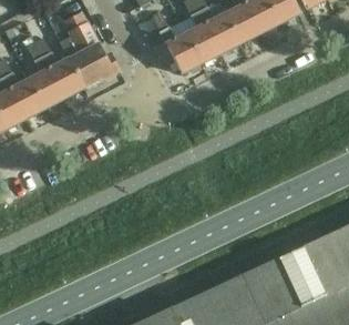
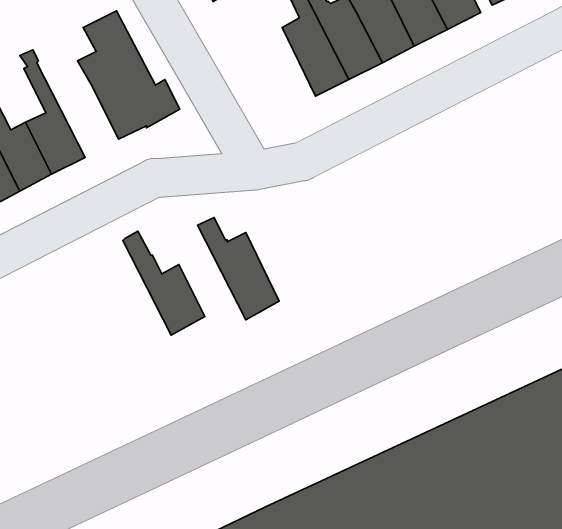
building: [151,12,199,73] -> [197,218,279,320]
building: [33,37,82,99] -> [123,231,205,335]

